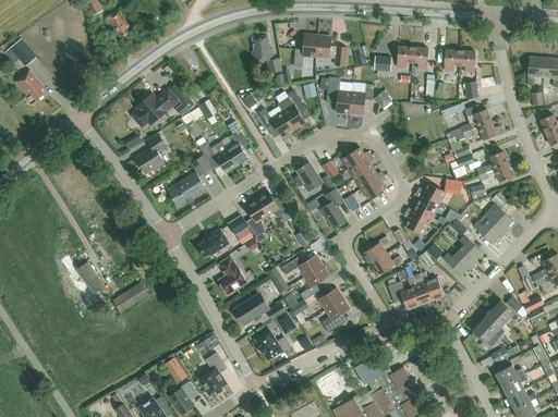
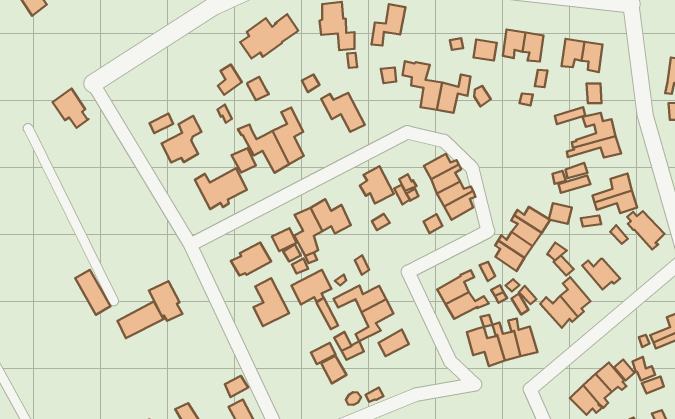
building: [316,35,347,65] -> none
building: [16,70,46,100] -> [52,89,88,128]
building: [133,89,178,126] -> [240,14,298,59]
building: [279,90,305,130] -> none
building: [319,188,347,229] -> none
building: [483,204,513,233] -> [627,211,665,249]
building: none -> [149,281,183,321]
building: [235,295,267,323] -> [291,270,331,304]
building: [322,298,350,332] -> none
building: [255,330,290,359] -> none

